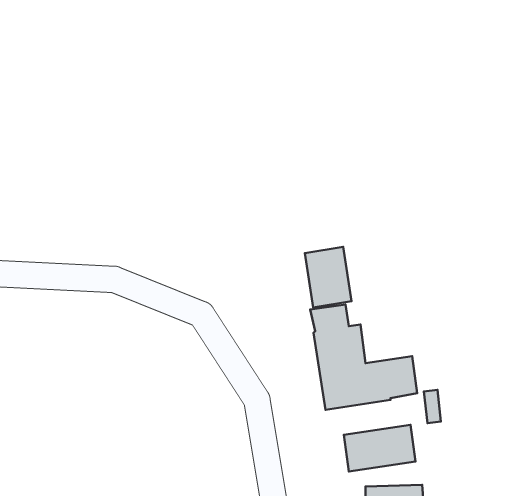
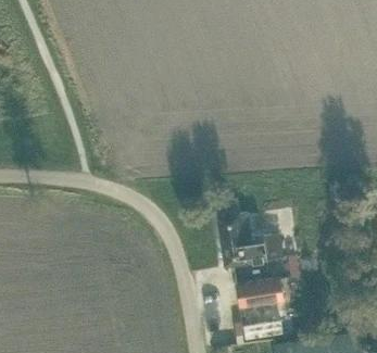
building: [305,247,352,308] -> none

